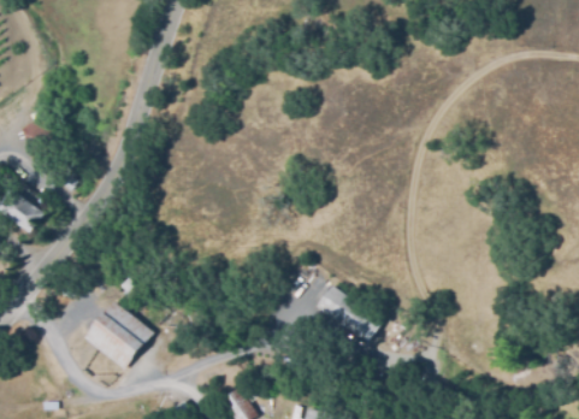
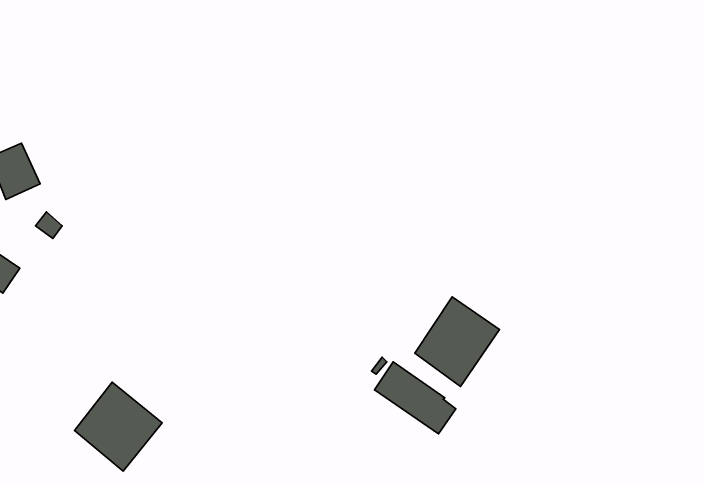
building: none -> [415,297,500,386]

